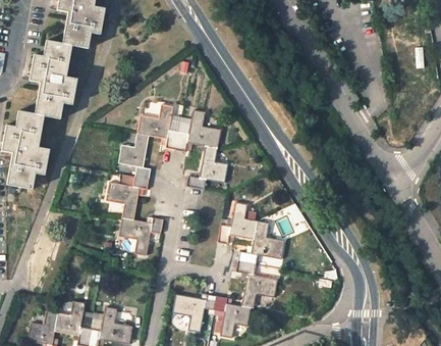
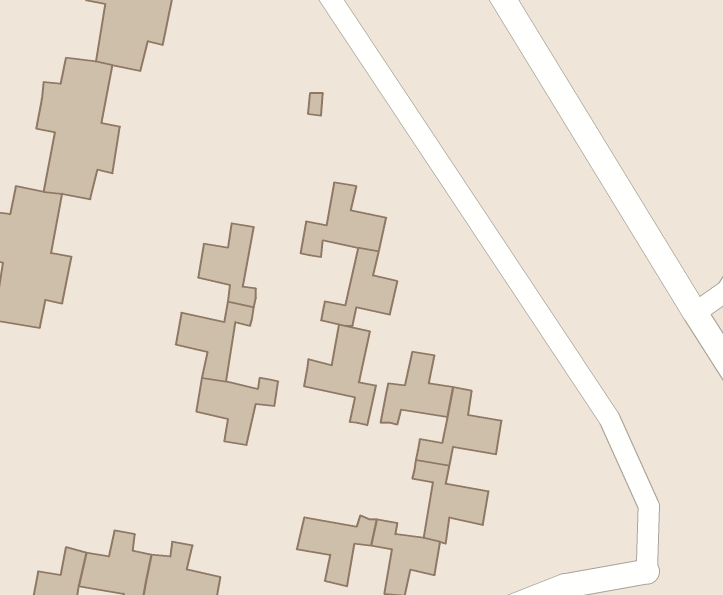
building: [137,104,178,149] -> none
building: none -> [304,325,376,425]

